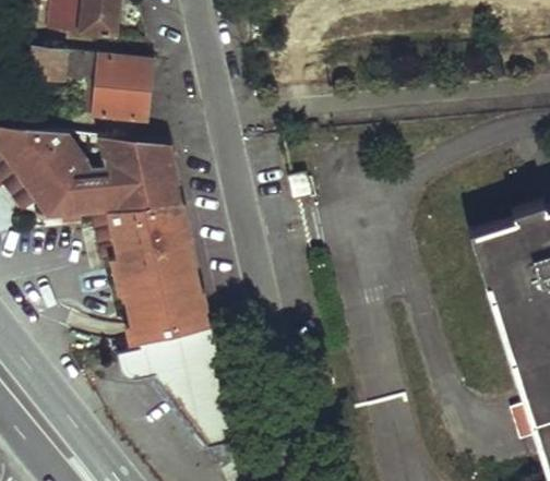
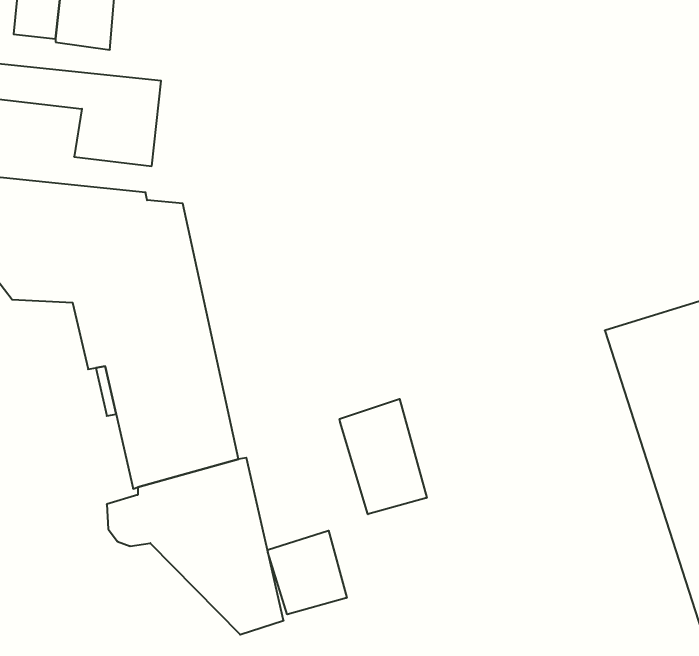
building: none -> [340,399,427,514]
building: none -> [268,531,347,614]

